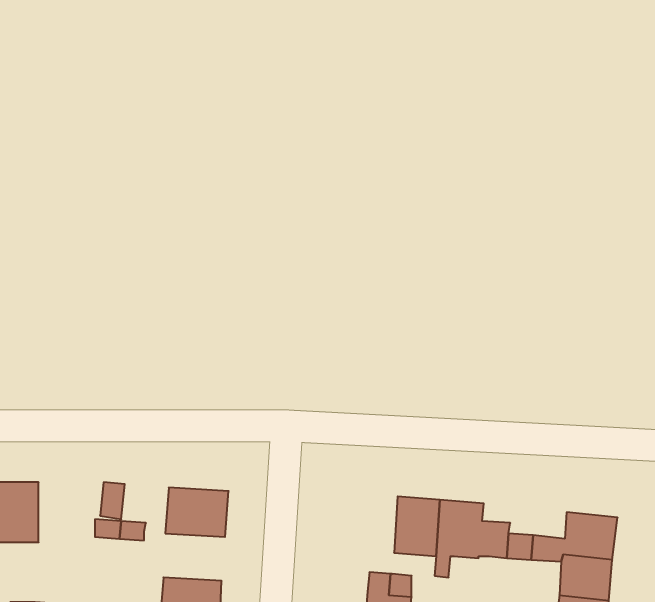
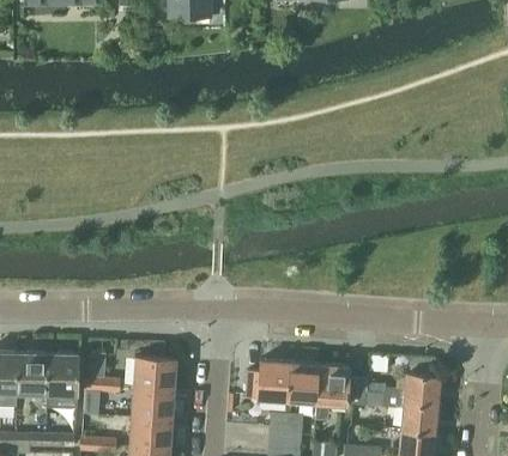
building: none -> [46,352,78,407]
building: none -> [246,359,291,400]
building: none -> [132,387,174,419]

